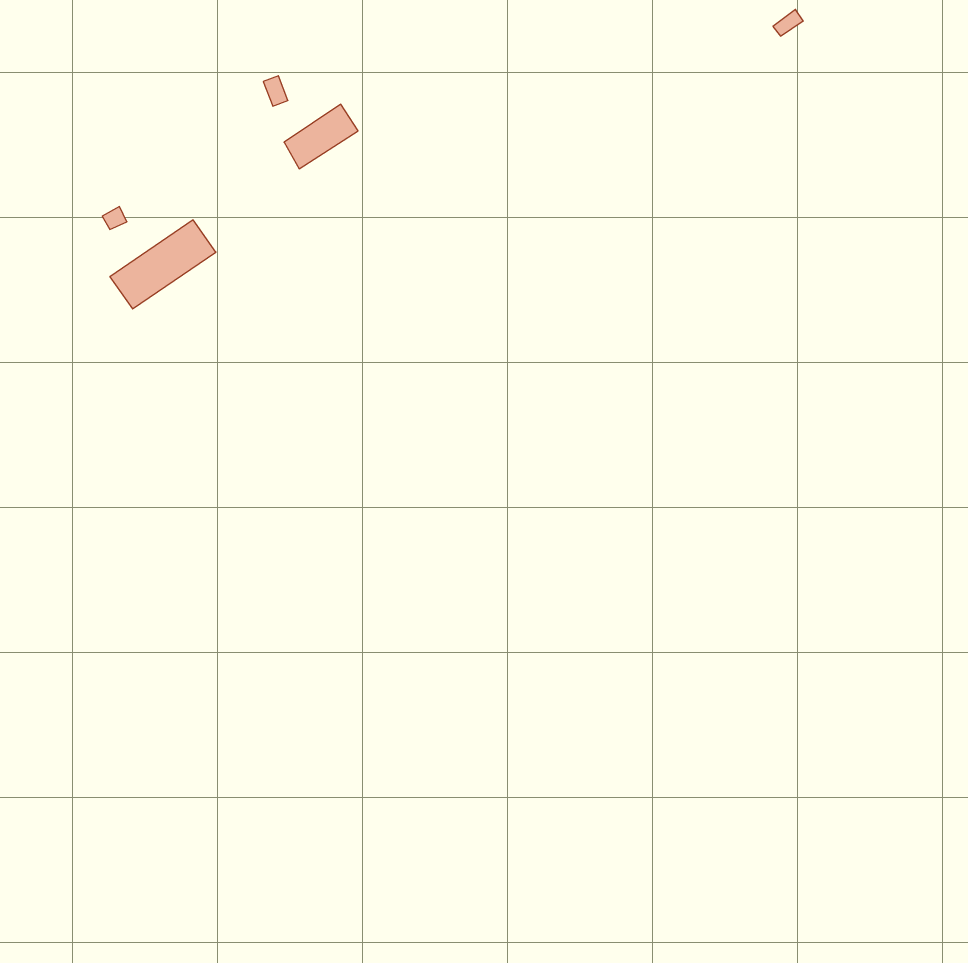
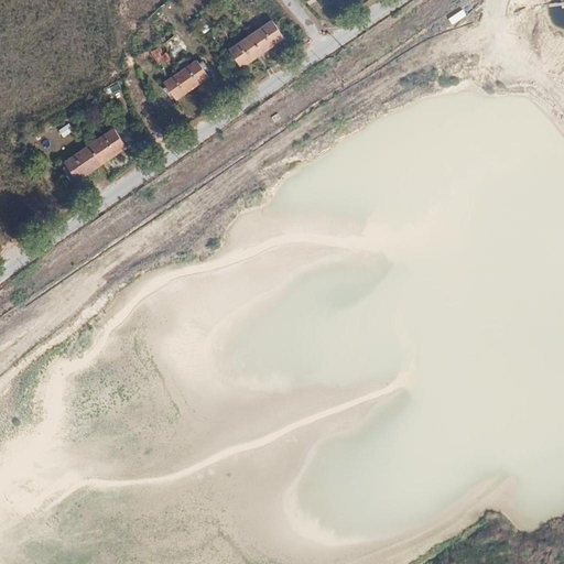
building: none -> [228,20,282,68]

